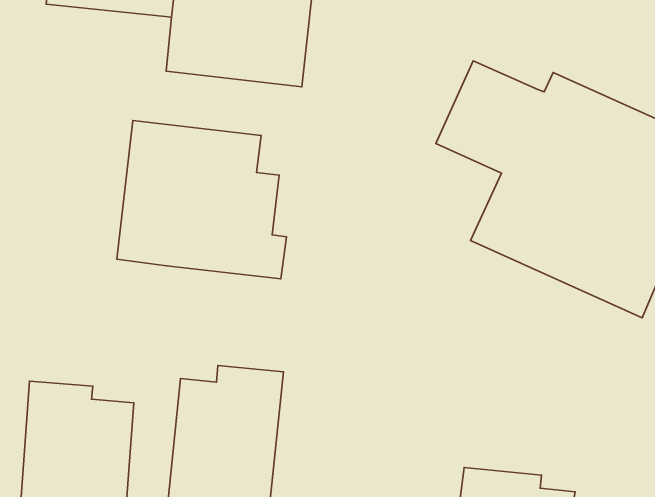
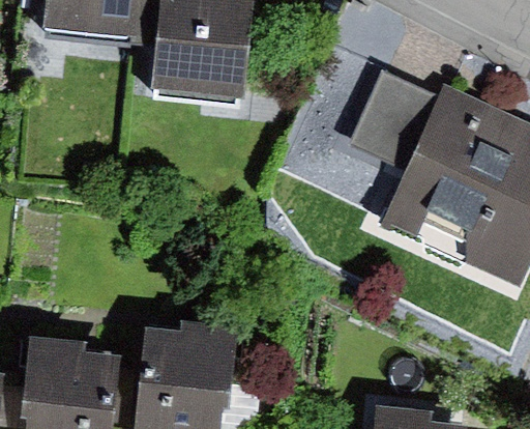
building: [117,120,286,279] -> none

